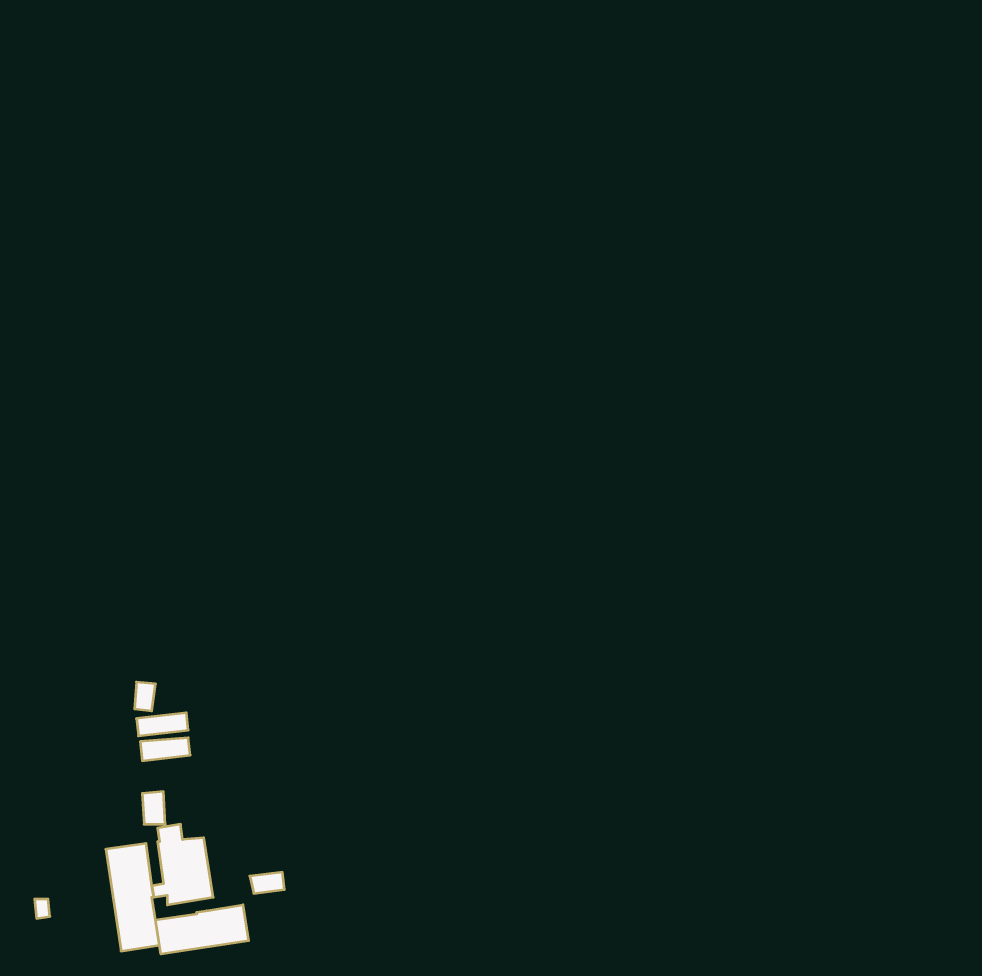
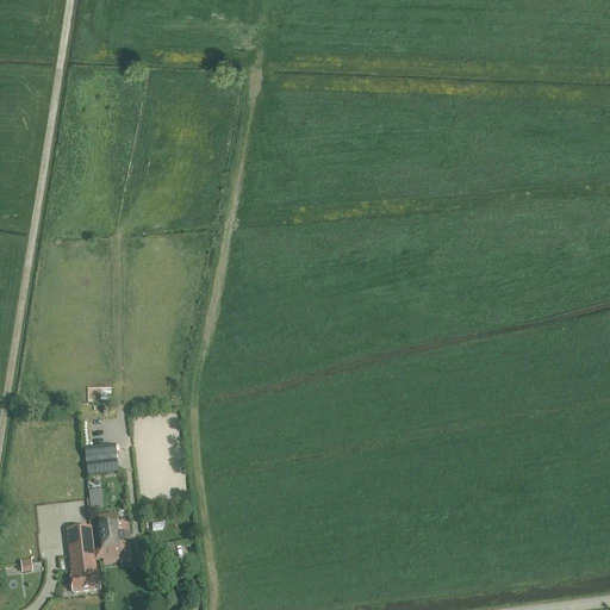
building: [156,905,249,954] -> none

